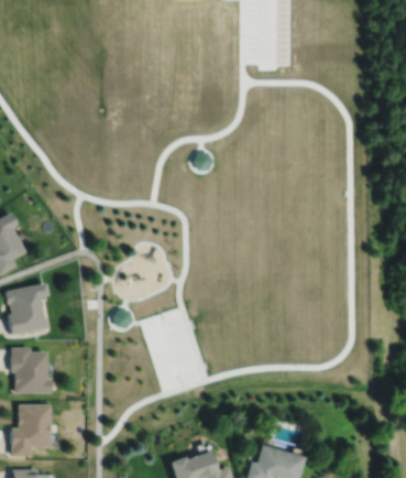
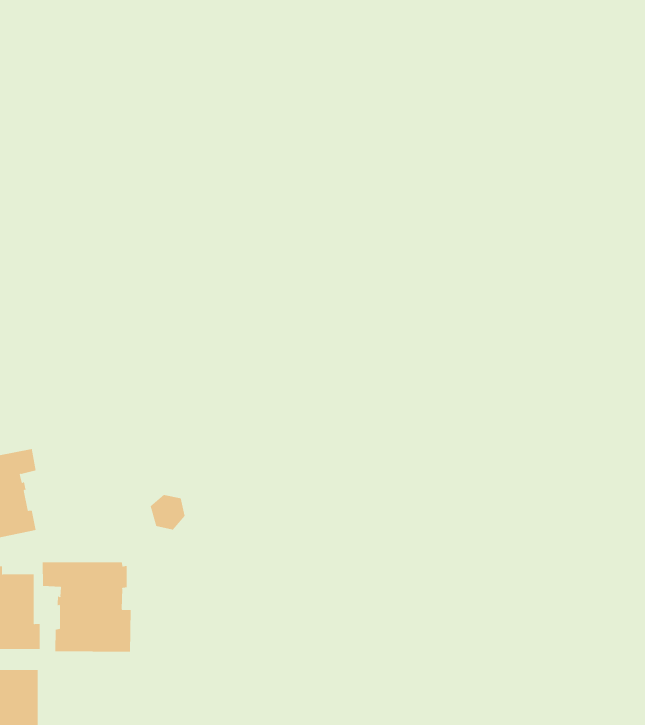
building: none -> [42,562,131,653]

